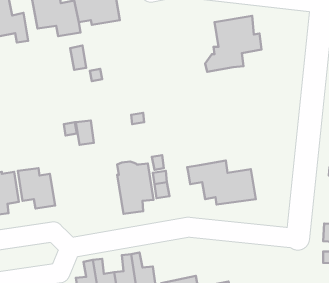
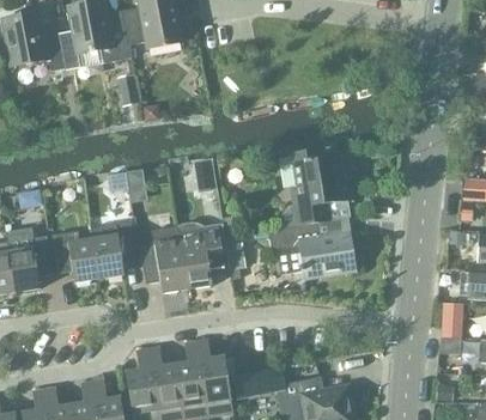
building: [205,16,261,72] -> [281,154,353,226]
building: none -> [91,221,136,278]
building: none -> [140,225,187,292]

